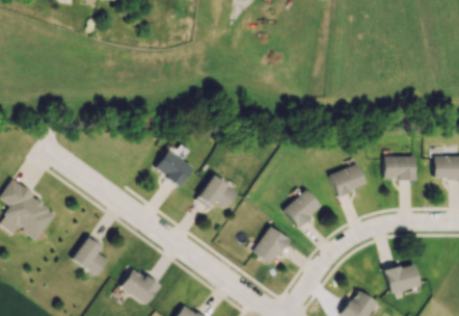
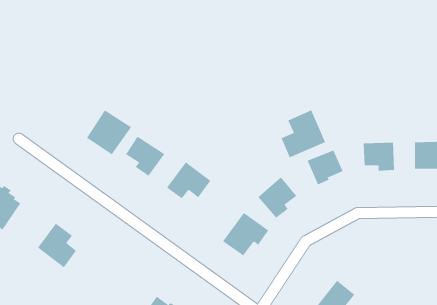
building: none -> [86,109,132,155]
building: none -> [281,110,326,158]
building: [384,264,420,291] -> none
building: [118,270,162,309] -> none

